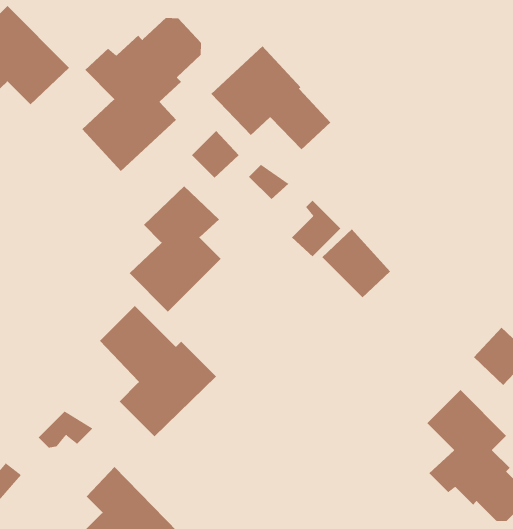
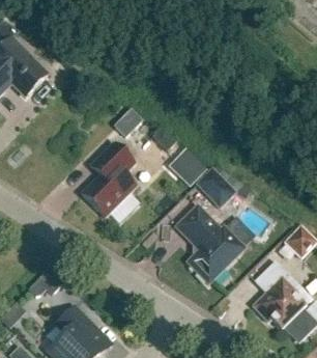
building: [81,17,201,172] -> none
building: [211,45,331,150] -> none
building: [99,305,217,437] -> [177,205,246,282]

